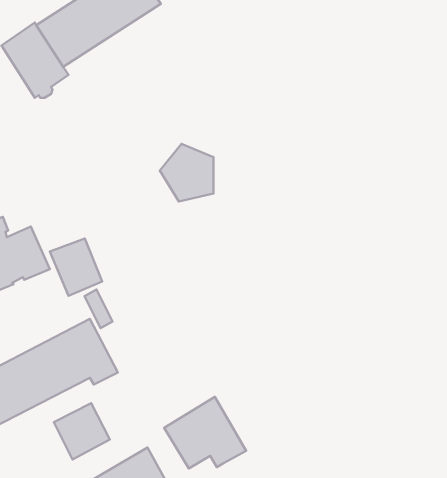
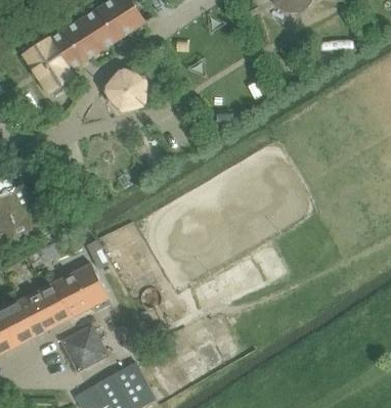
building: [160,144,214,201] -> [102,71,143,115]
building: [50,238,102,296] -> none
building: [164,397,246,469] -> none

